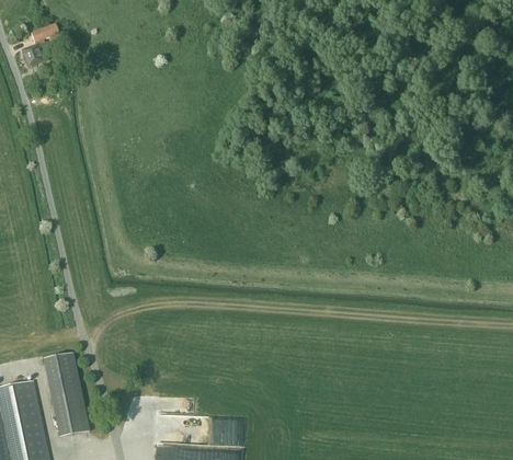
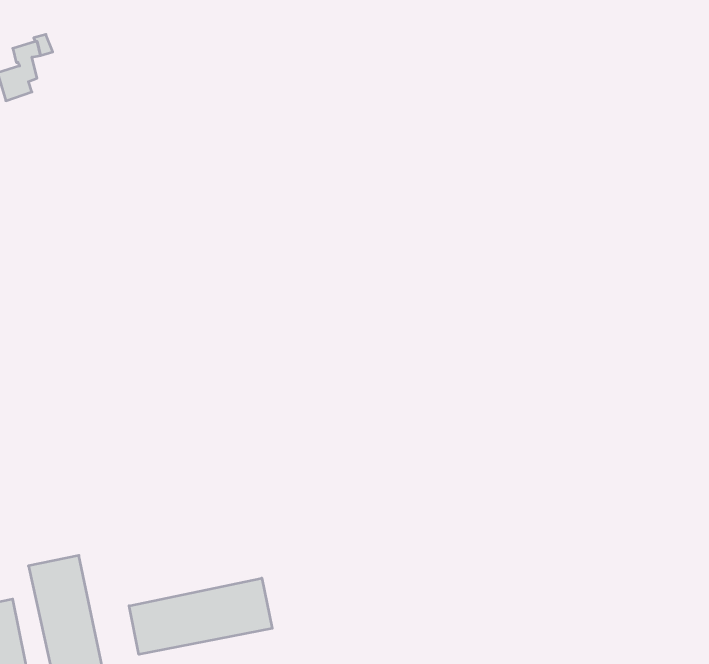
building: none -> [129,578,272,654]

